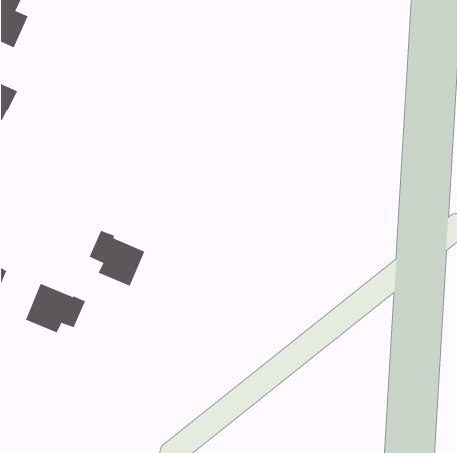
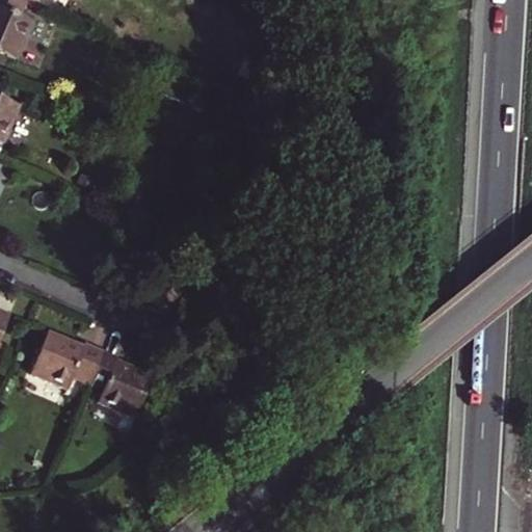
building: [89,230,145,286] -> [86,350,152,416]

